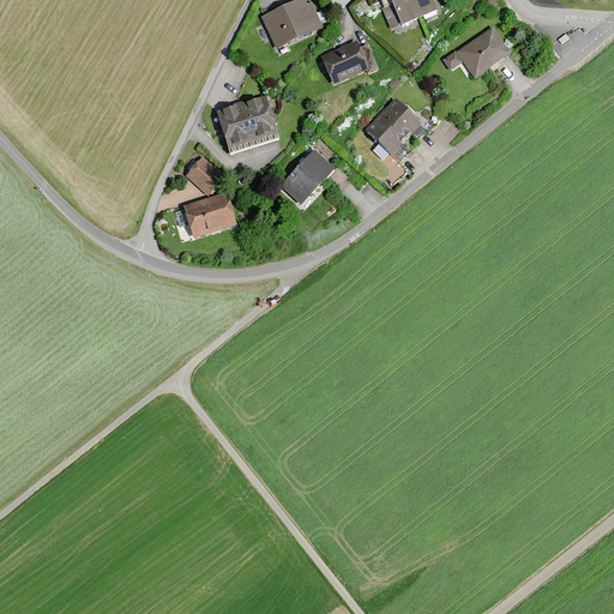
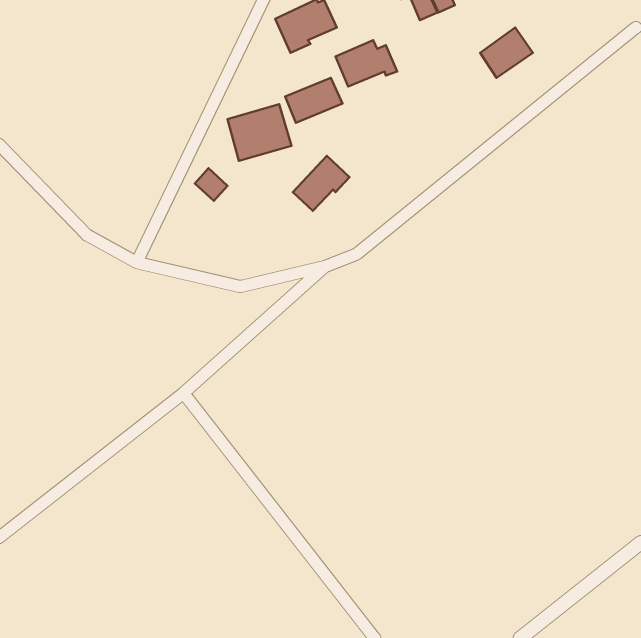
building: none -> [285,78,343,123]
building: [367,98,431,162] -> none
building: [182,194,233,236] -> none

